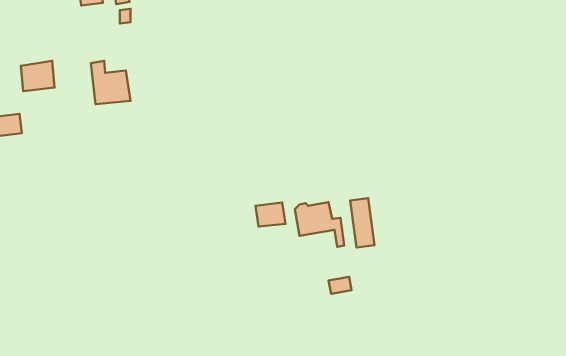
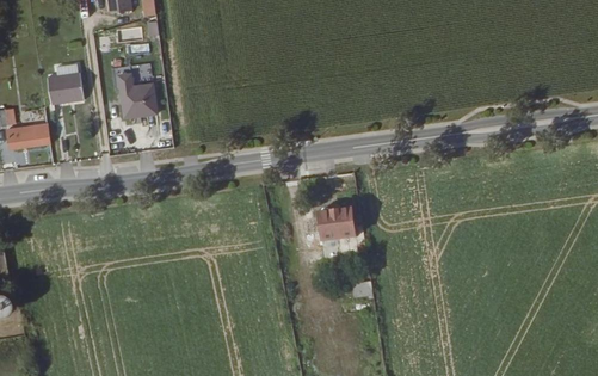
building: [350,198,374,248] -> none
building: [255,202,286,227] -> none

